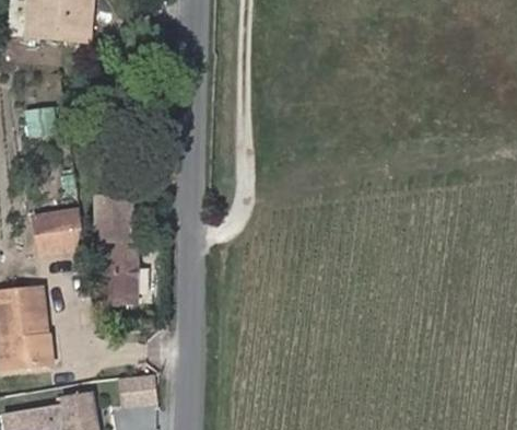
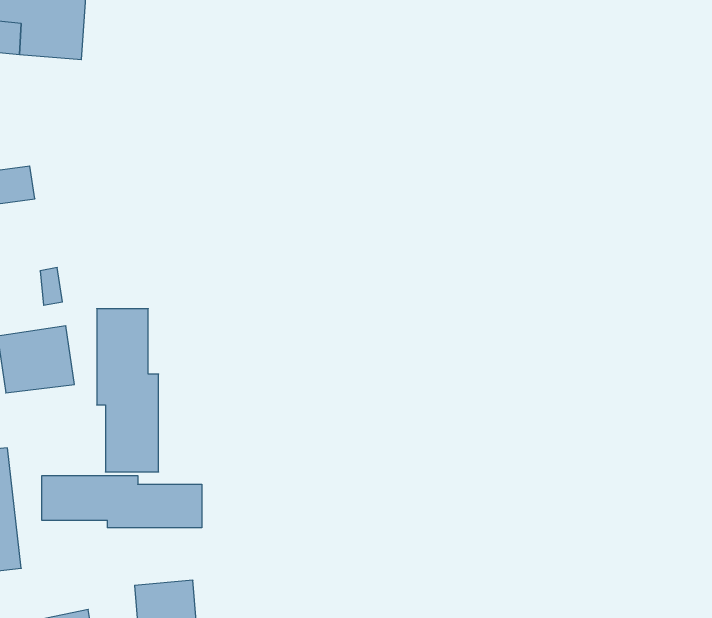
building: none -> [42,476,202,528]

